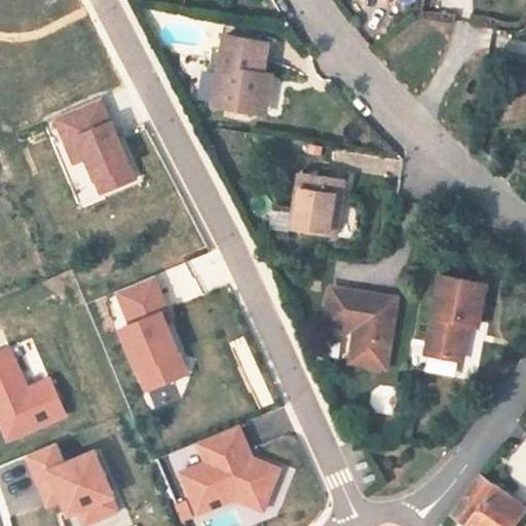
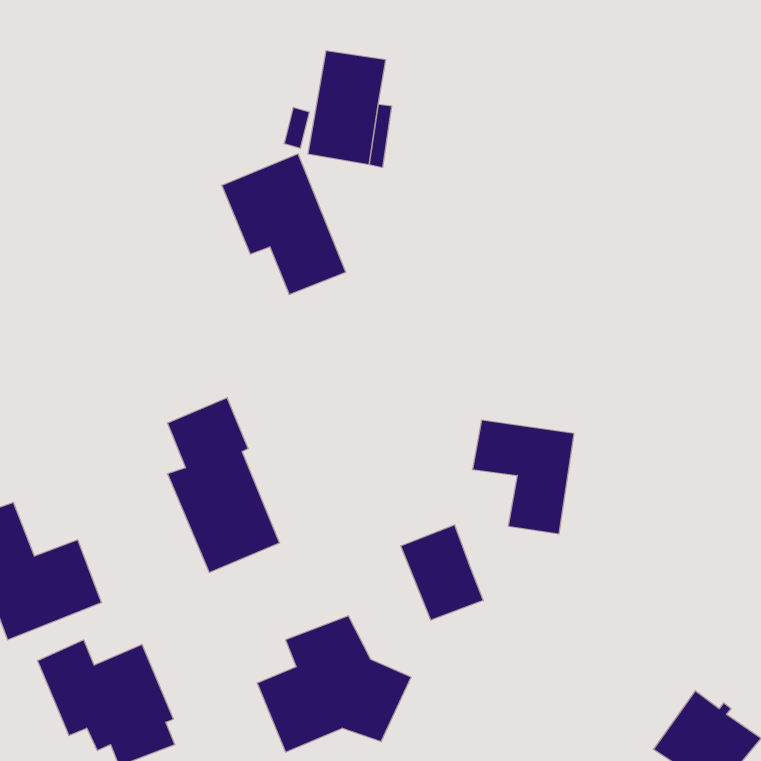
building: [52,97,138,193] -> [222,154,346,295]
building: [289,176,343,239] -> none
building: [424,277,484,363] -> none
building: none -> [401,525,483,620]

